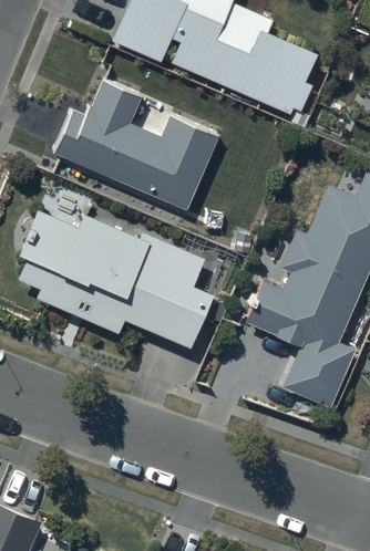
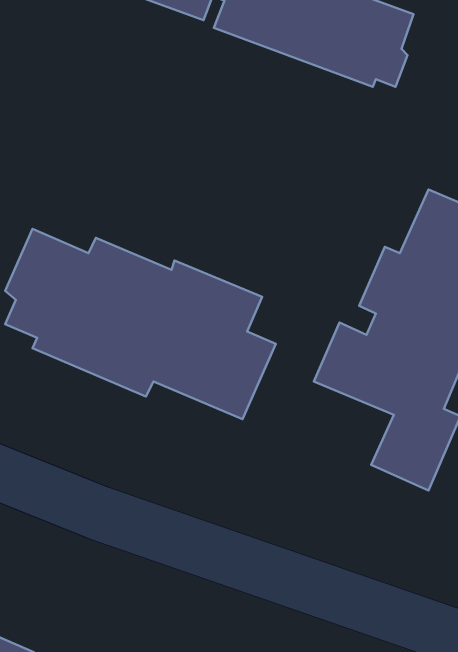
building: [52,84,224,211] -> none

